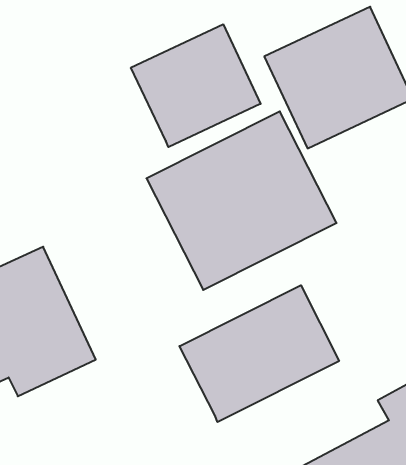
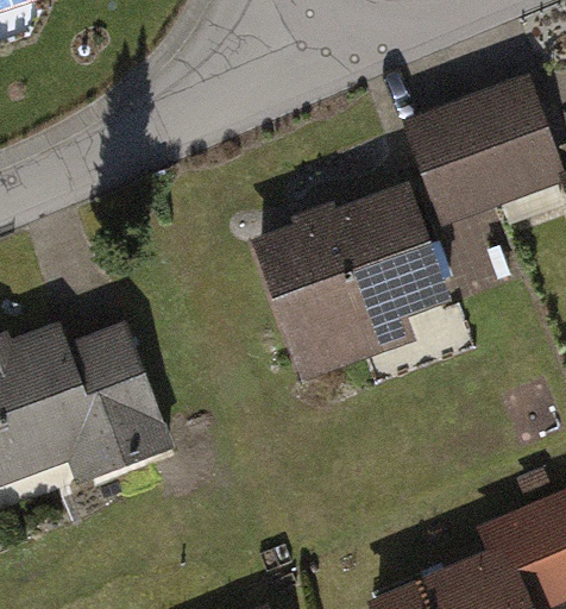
building: [131,24,261,147] -> none
building: [179,285,339,422] -> none

